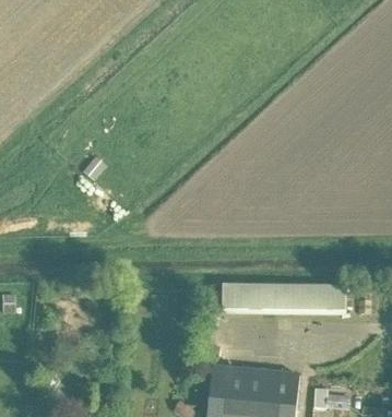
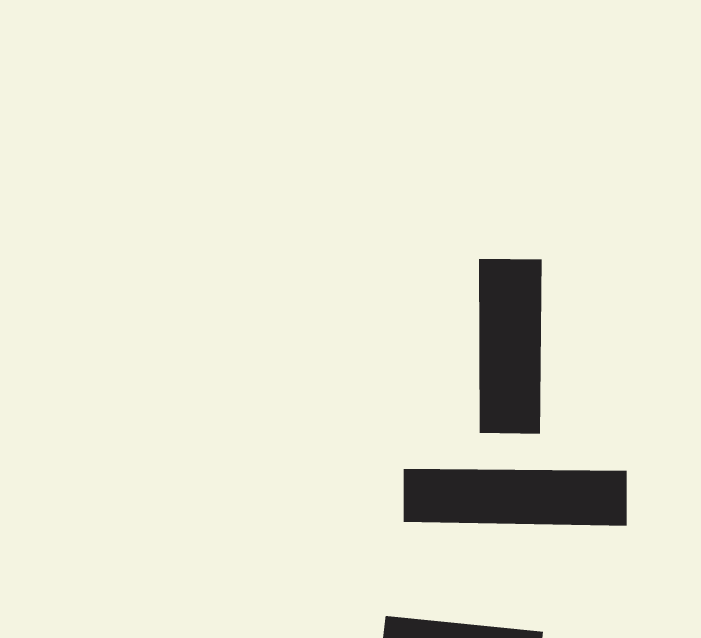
building: none -> [478,258,542,435]

